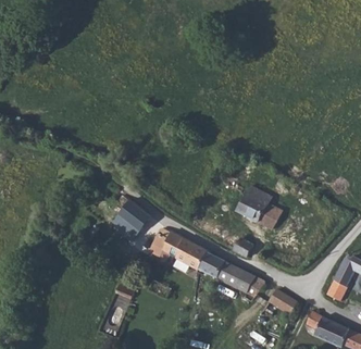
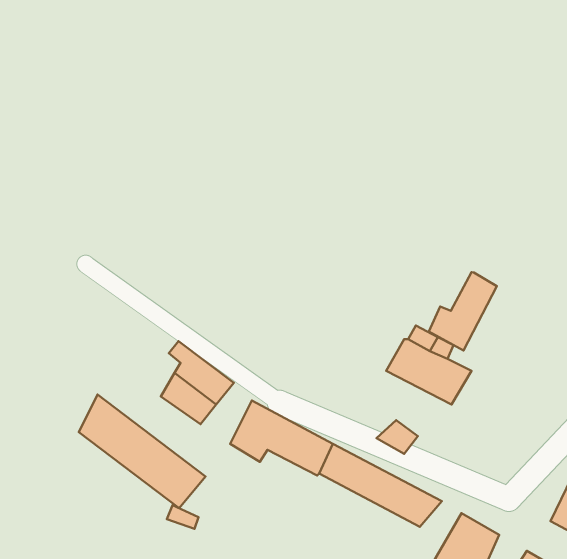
building: none -> [429,272,497,351]
building: none -> [79,394,206,508]

